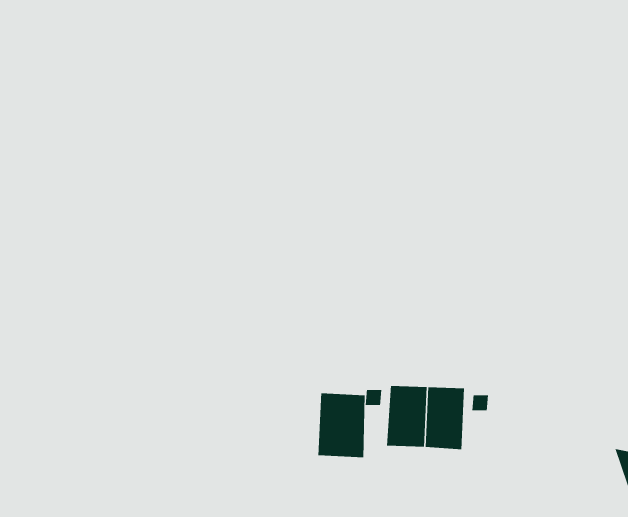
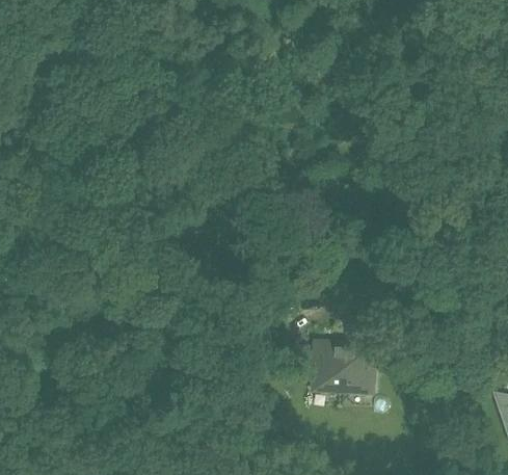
building: [318,393,365,458] -> none

